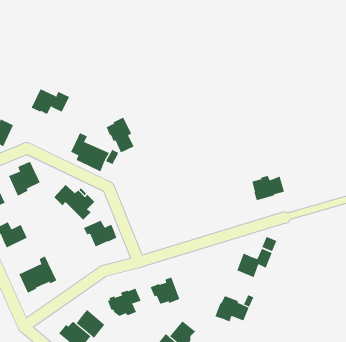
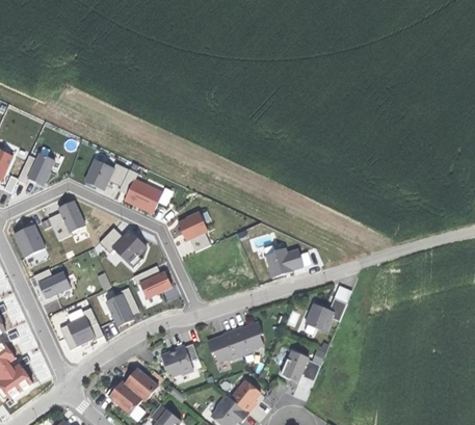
building: [31,89,70,114] -> [85,159,129,188]
building: [106,117,134,153] -> [179,211,211,251]
building: [252,175,285,201] -> [266,247,304,276]
building: none -> [107,287,139,325]
building: none -> [233,322,264,355]

